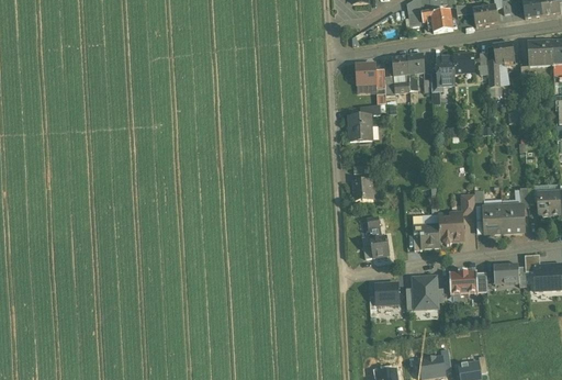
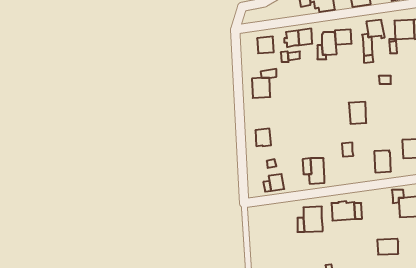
building: [482,206,504,234] -> [349,102,366,124]
building: [439,215,462,243] -> none
building: [493,262,519,282] -> [377,239,398,255]
building: [375,282,398,303] -> none

